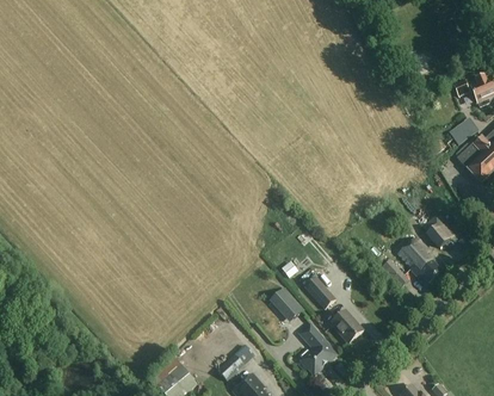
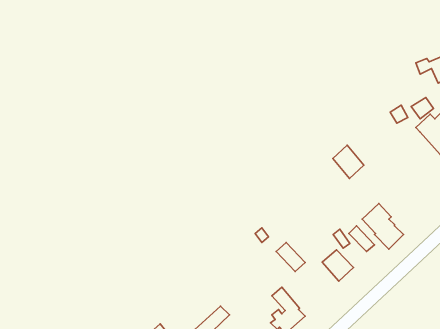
building: [421,212,455,248] -> [333,145,364,179]
building: [271,286,304,321] -> none
building: [329,311,363,345] -> [322,250,353,281]

